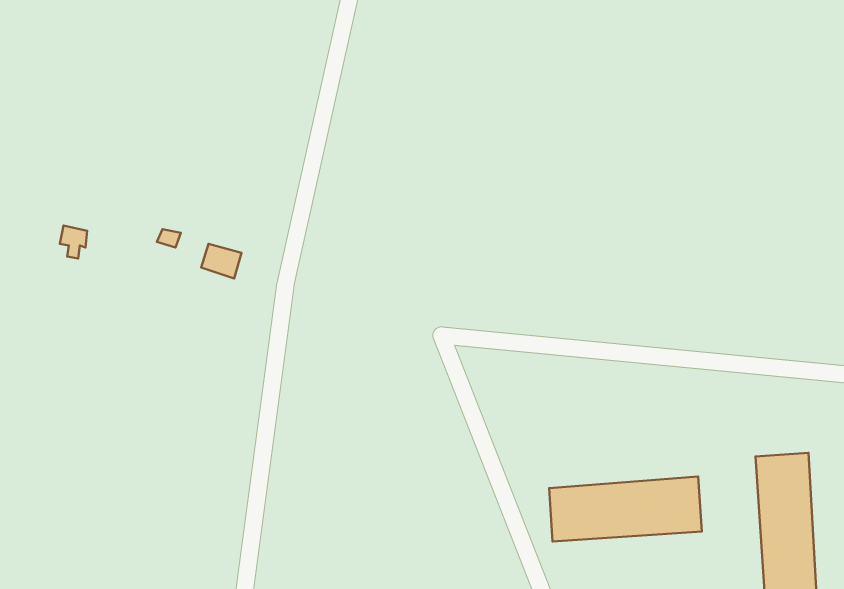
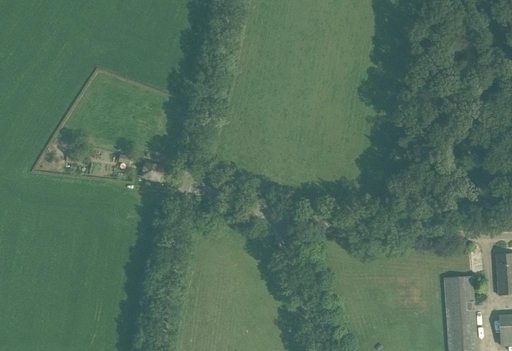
building: [549,476,702,541] -> none

